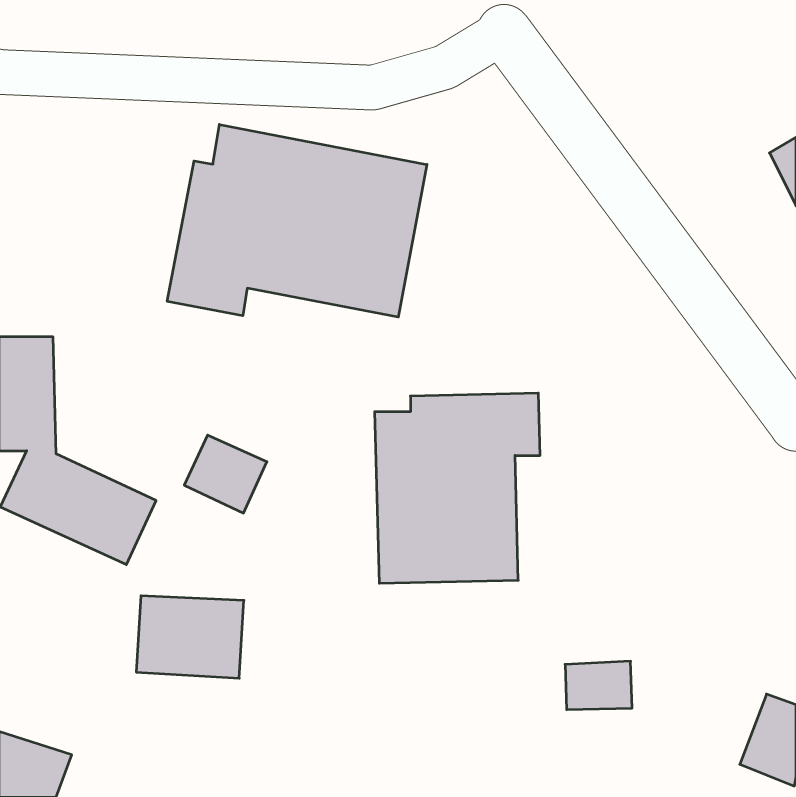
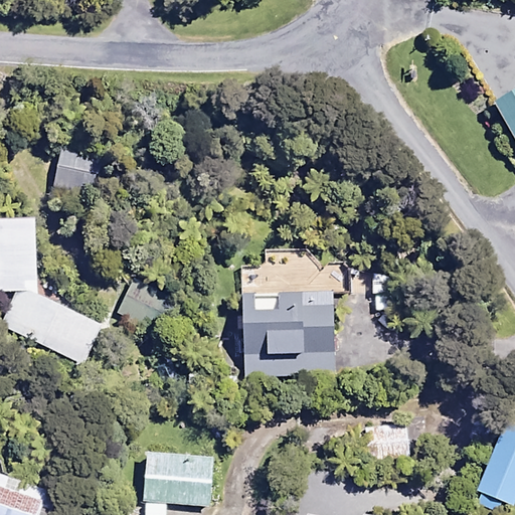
building: [167,124,427,317] -> none
building: none -> [54,148,101,197]
building: [136,596,244,678] -> [143,452,212,505]

